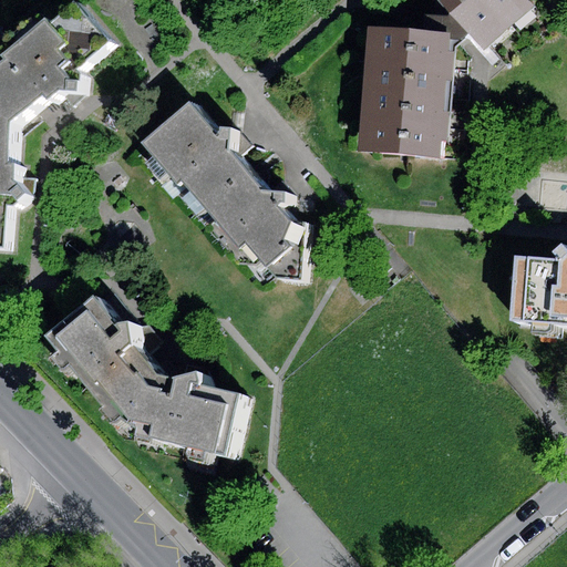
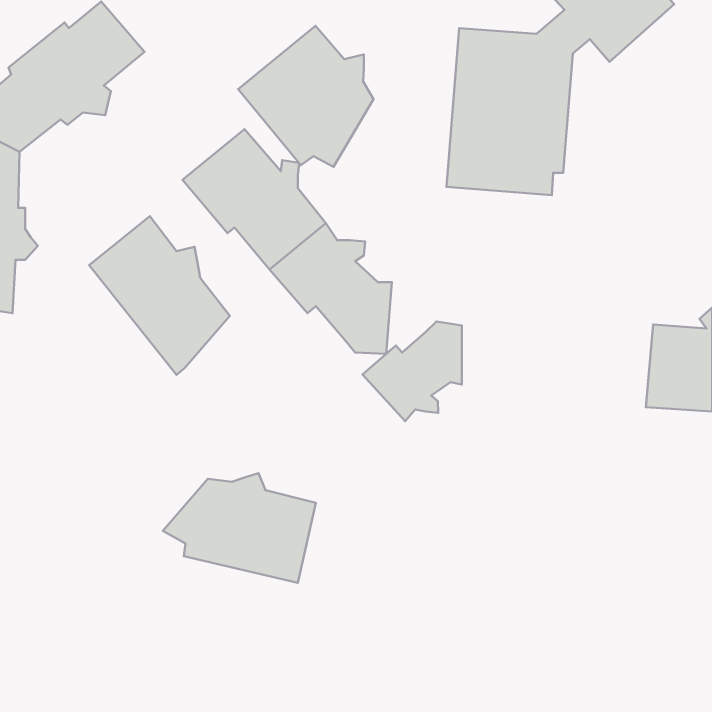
building: none -> [238,26,374,167]
building: none -> [363,322,462,421]
building: [53,299,164,424] -> [89,216,230,375]

